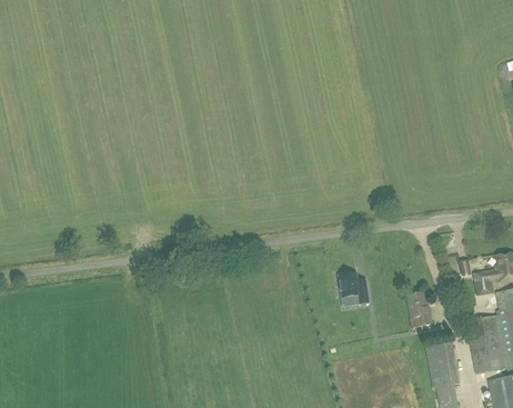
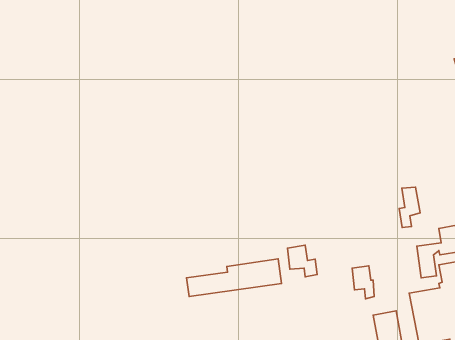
building: none -> [399,187,420,228]
building: none -> [186,259,282,297]

